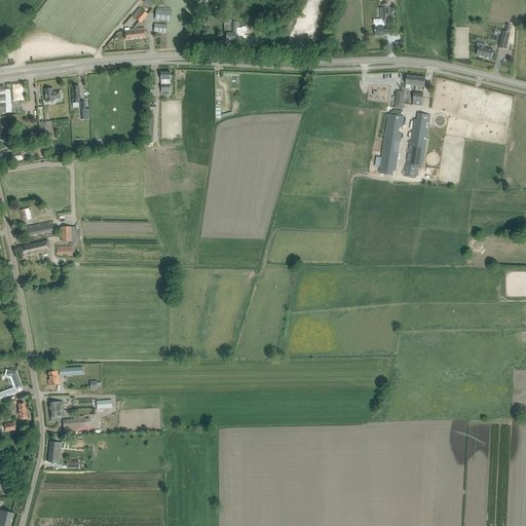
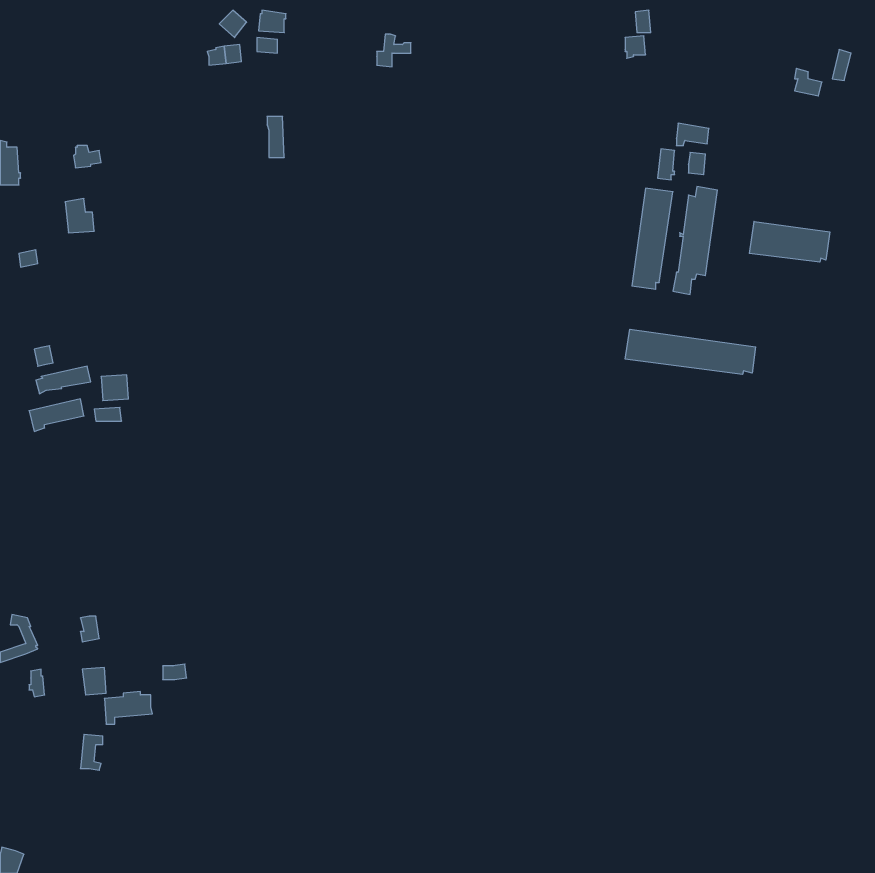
building: none -> [749,221,830,262]
building: none -> [625,329,756,374]

